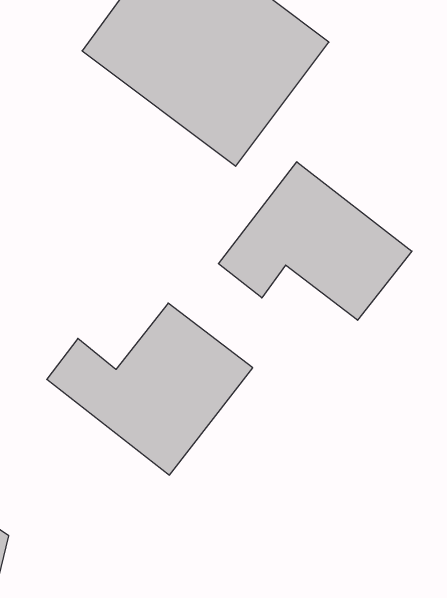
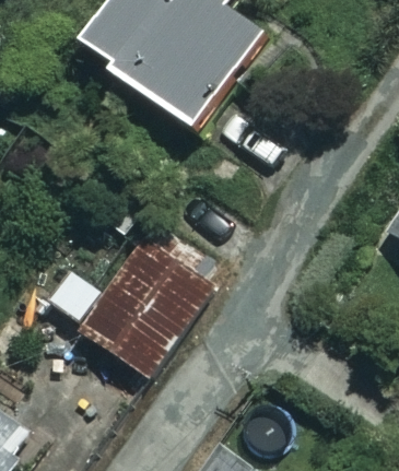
building: [218,162,412,320] -> none

